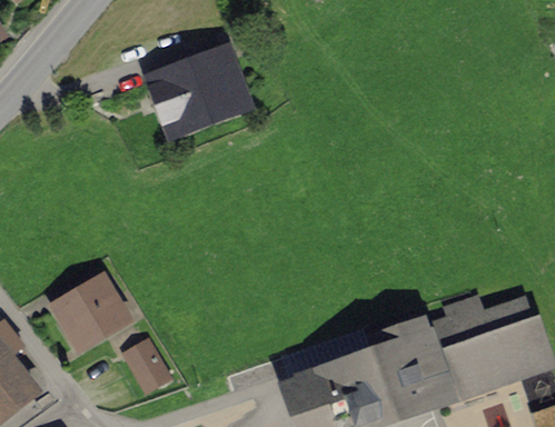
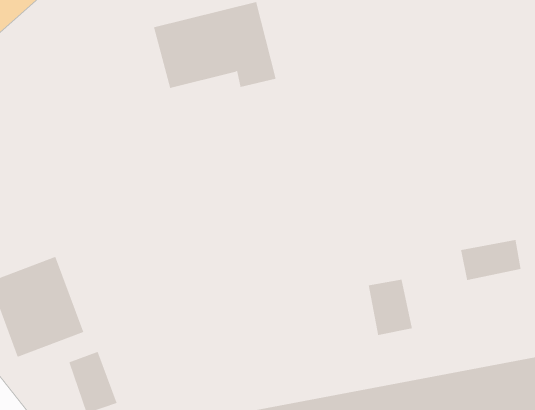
building: none -> [460,239,521,281]
building: none -> [368,279,413,336]

